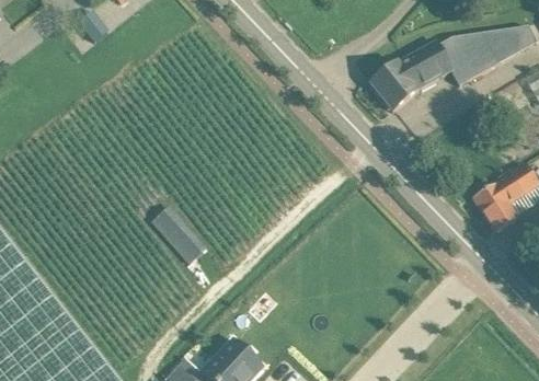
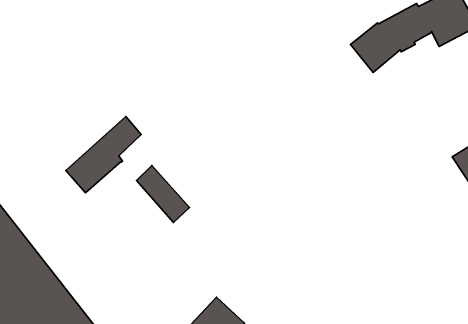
building: none -> [66,117,141,193]

